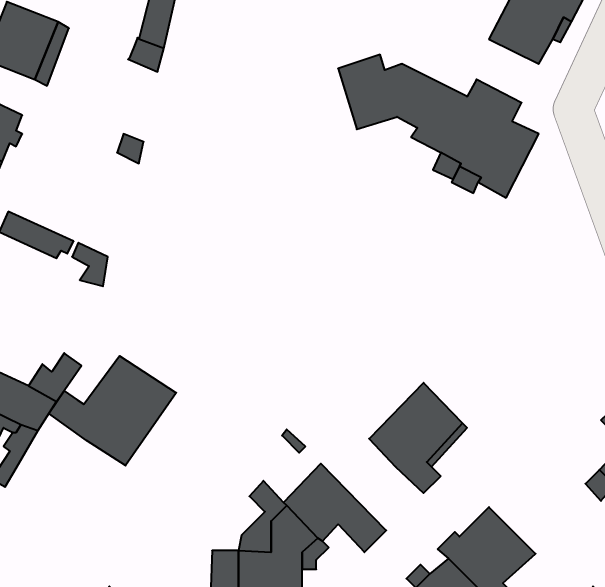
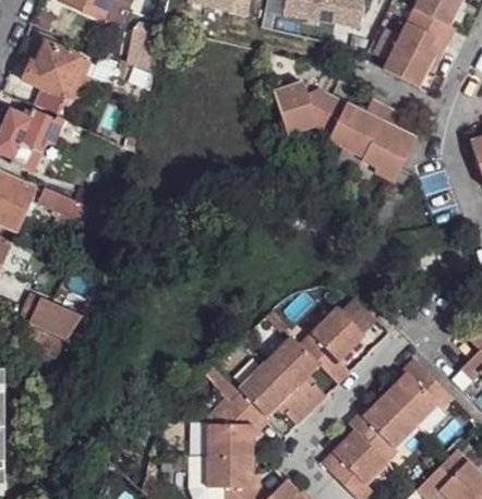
building: [49,356,176,466] -> none
building: none -> [265,339,325,411]
building: none -> [383,357,453,427]

